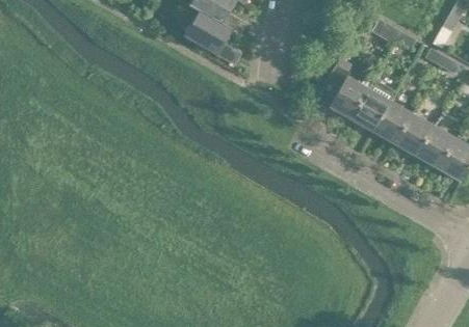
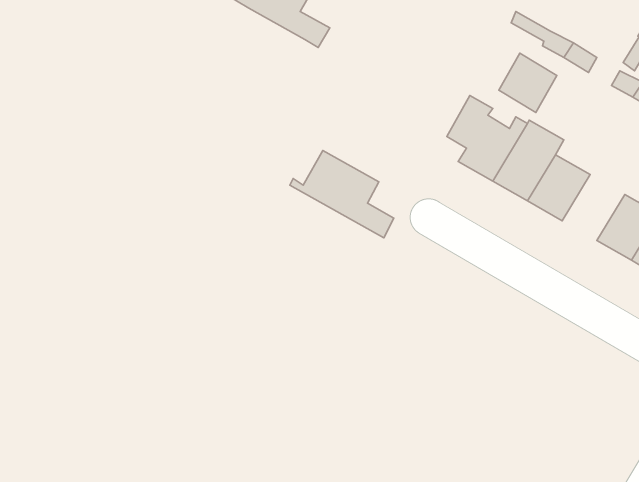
building: [177,9,242,64] -> [290,150,394,238]
building: none -> [499,53,557,112]
building: [395,114,435,156] -> none

